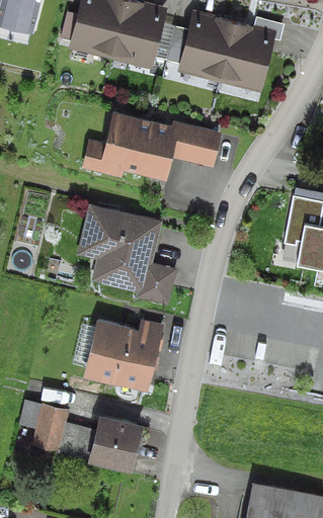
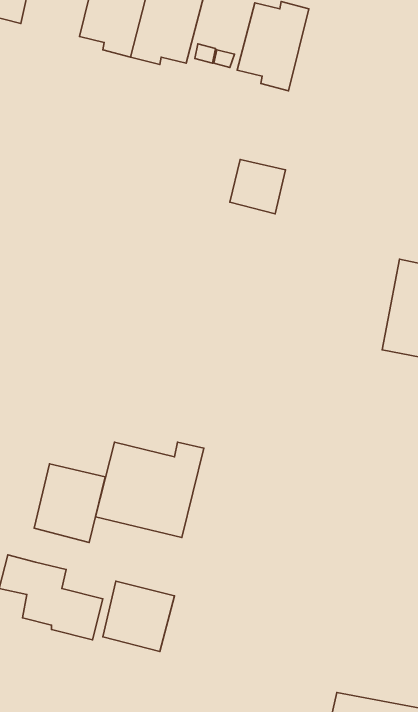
building: [219,22,268,83] -> none
building: [103,115,174,174] -> none
building: [84,207,172,300] -> none
building: none -> [34,464,105,542]

